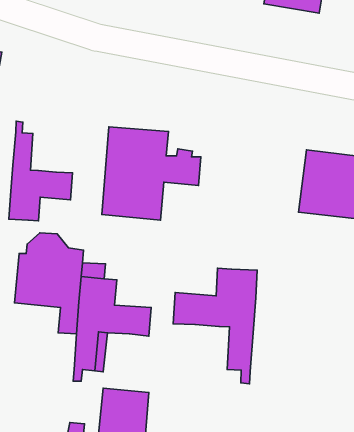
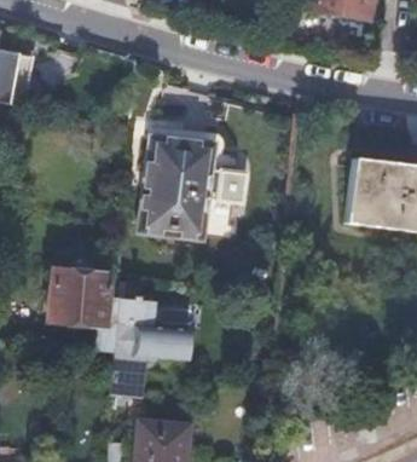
building: [9,121,73,221] -> none
building: [173,268,257,384] -> none

